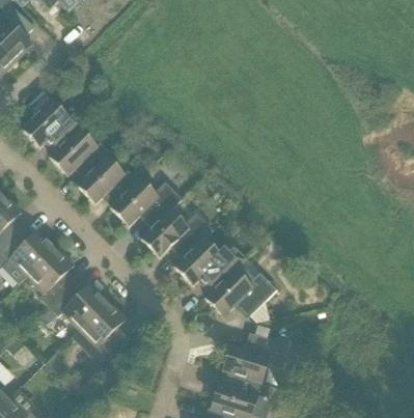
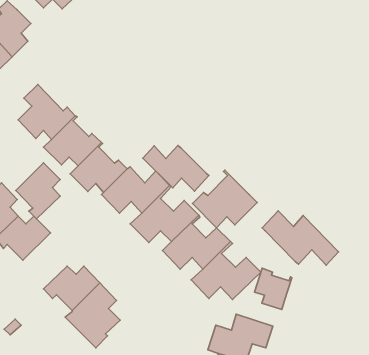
building: none -> [143,145,209,191]
building: none -> [192,170,257,228]
building: none -> [262,211,338,265]
building: [26,247,73,306] -> [16,163,60,219]
building: none -> [254,268,292,310]

